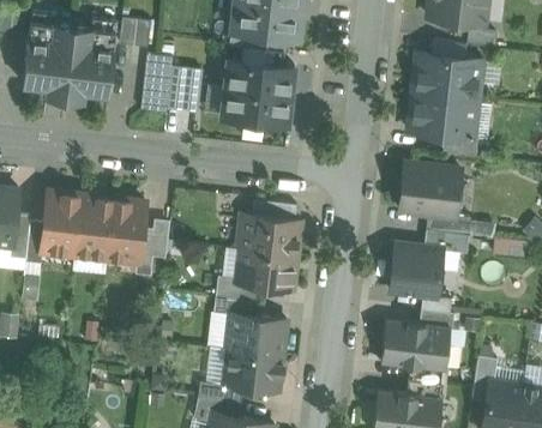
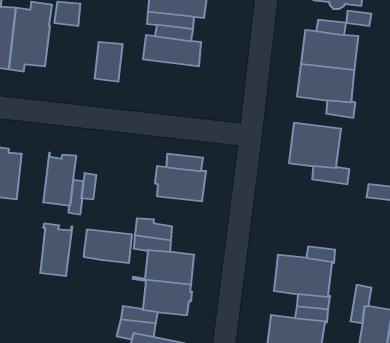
building: [141,54,174,114] -> none
building: [222,88,293,125] -> none
building: [76,195,114,258] -> [40,224,72,276]
building: [390,243,442,297] -> none
building: [239,251,296,290] -> [84,230,132,263]

